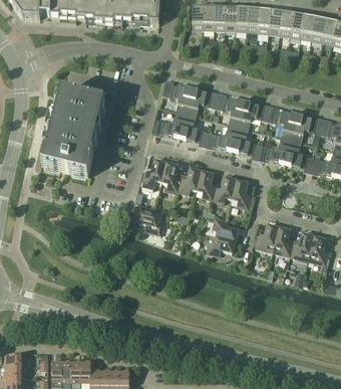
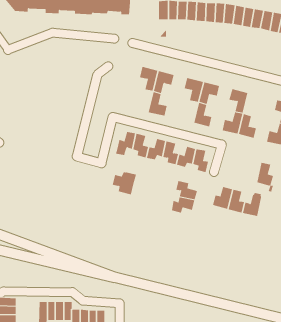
building: [41,88,104,174] -> none
building: [160,109,186,136] -> none
building: [291,113,316,140] -> none
building: [213,122,239,148] -> none
building: [308,233,328,268] -> [257,162,274,192]

